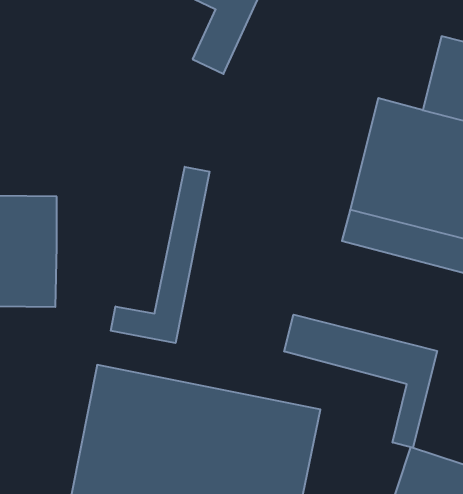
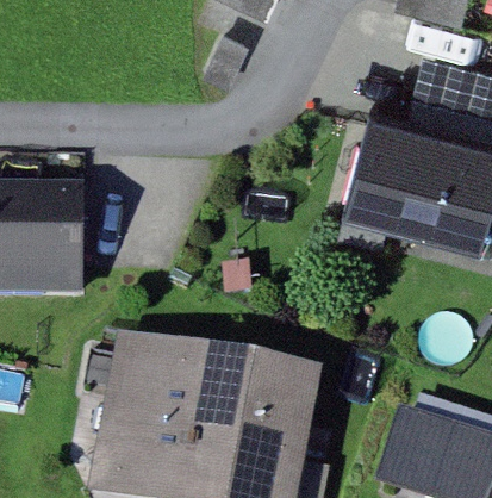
building: [111,167,210,343] -> none
building: [284,315,437,448] -> none

